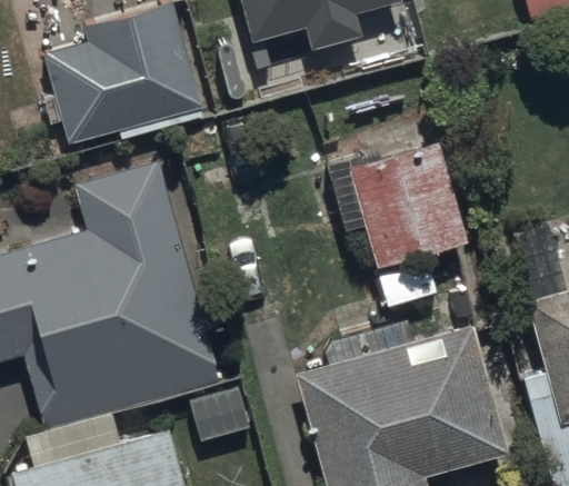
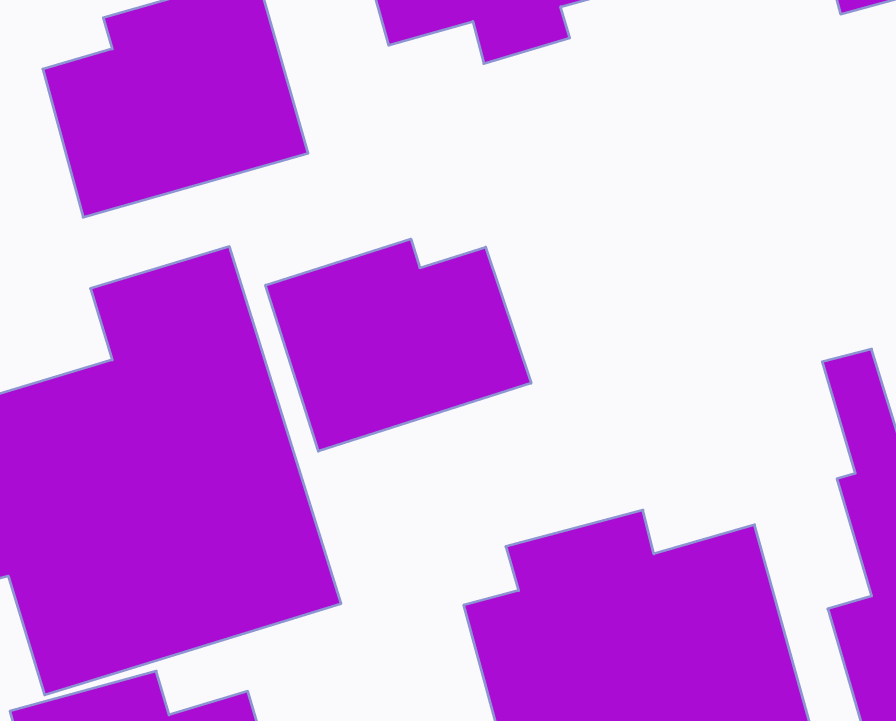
building: [348,149,465,277] -> none
building: none -> [266,239,531,451]

